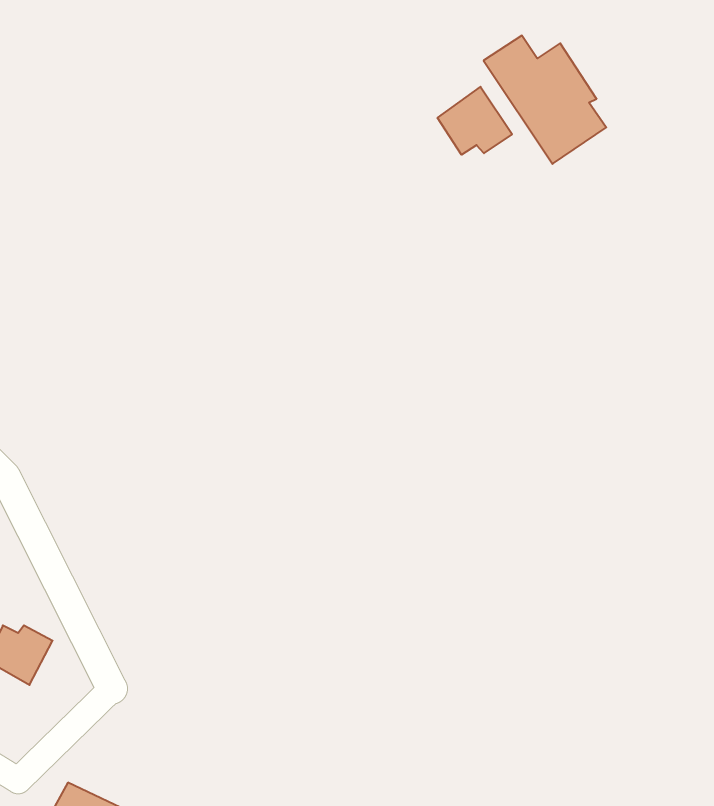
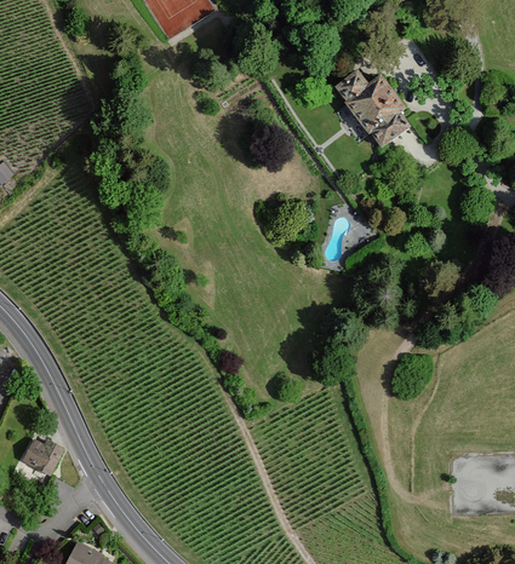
building: [438,87,512,155] -> none

